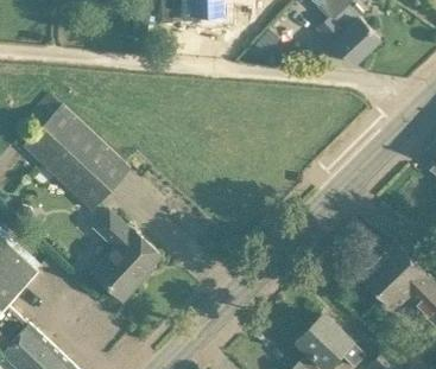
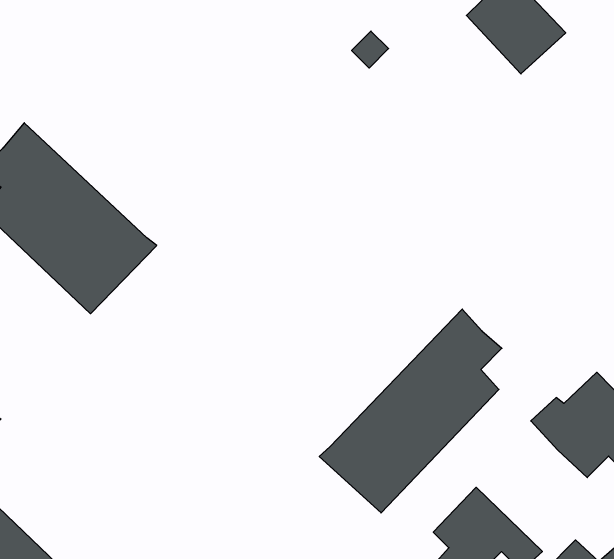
building: none -> [319,309,502,513]
building: [93,211,159,300] -> none

